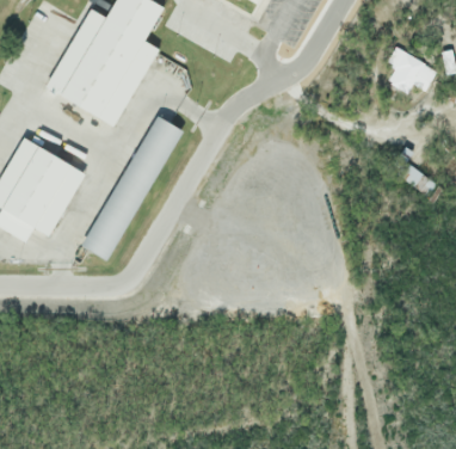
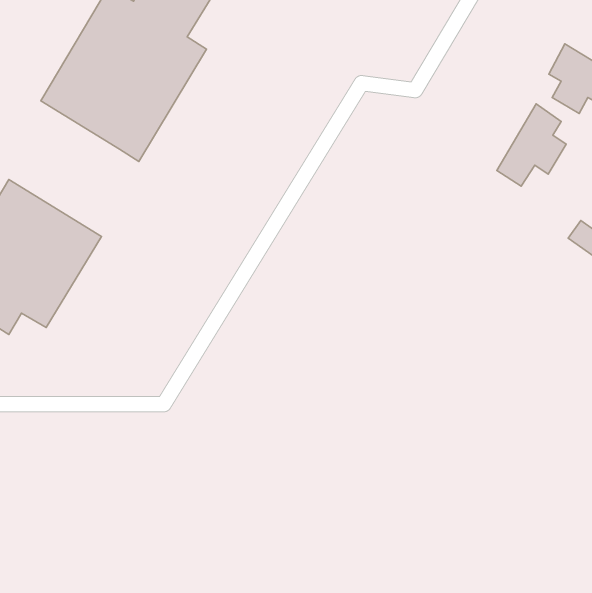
building: none -> [497,104,566,186]
building: [80,115,184,259] -> none

